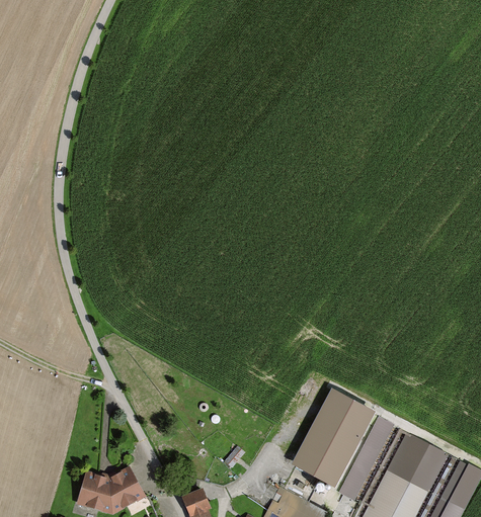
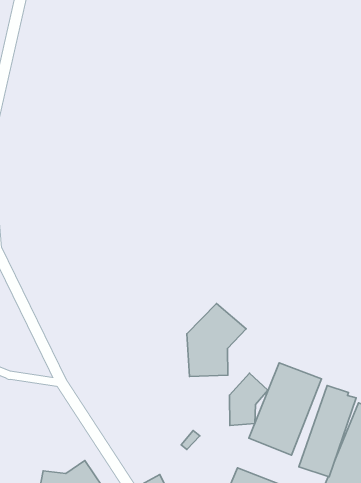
building: none -> [187,304,246,377]
building: none -> [229,373,268,426]

